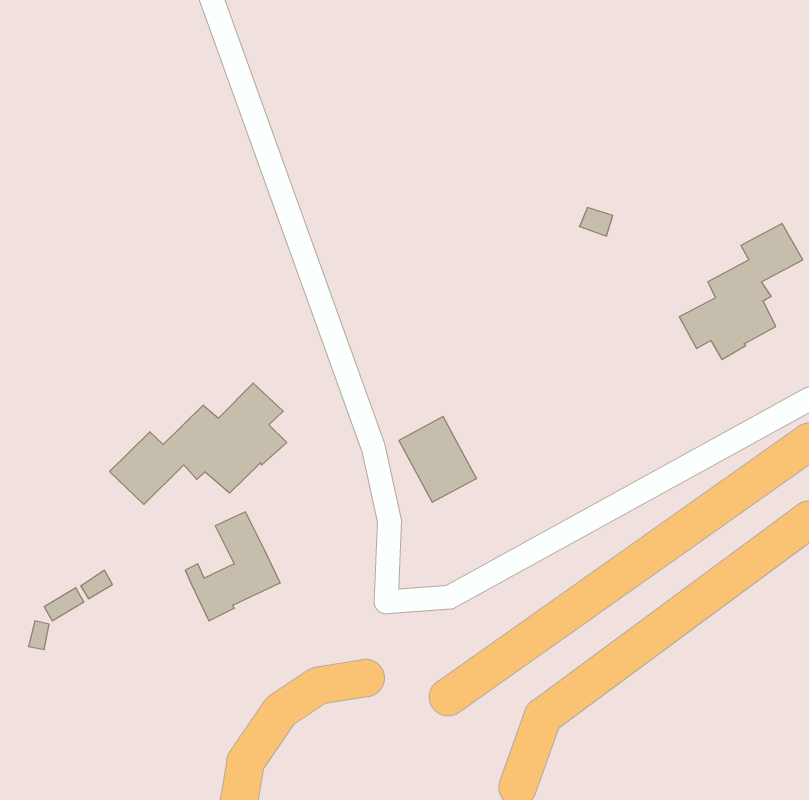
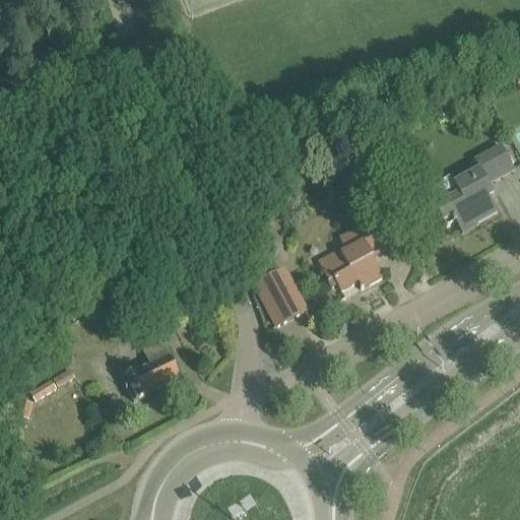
building: none -> [321,217,388,288]
building: [110,383,287,504] -> none

